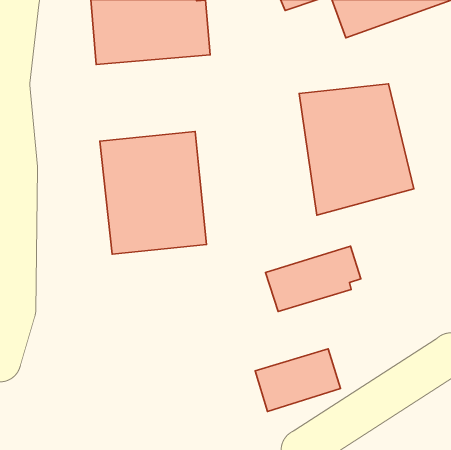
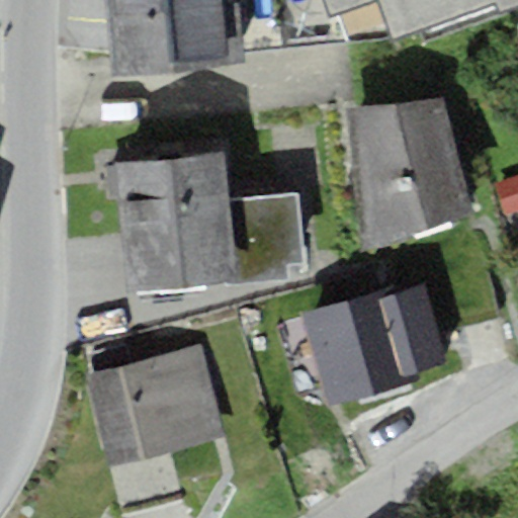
building: none -> [229,193,304,280]
building: none -> [85,342,228,468]
building: [255,349,341,411] -> [319,332,417,404]

